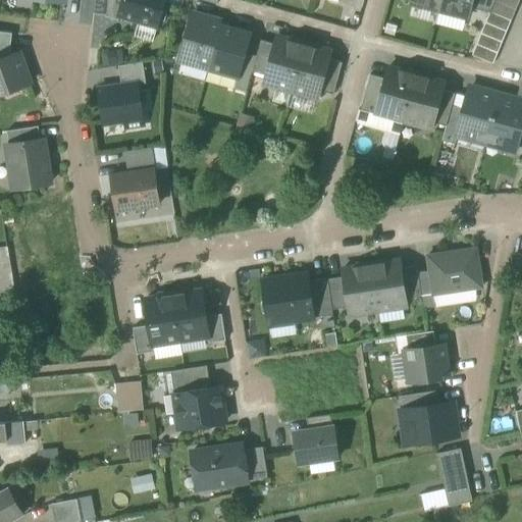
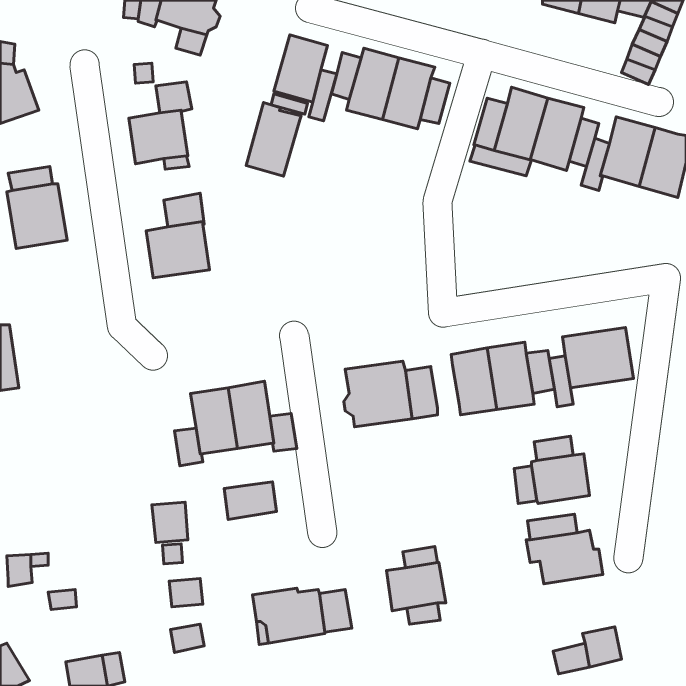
building: [179,13,221,69] -> [246,102,301,176]
building: [327,277,349,310] -> none
building: [164,387,225,429] -> none
building: [436,448,467,481] -> none

